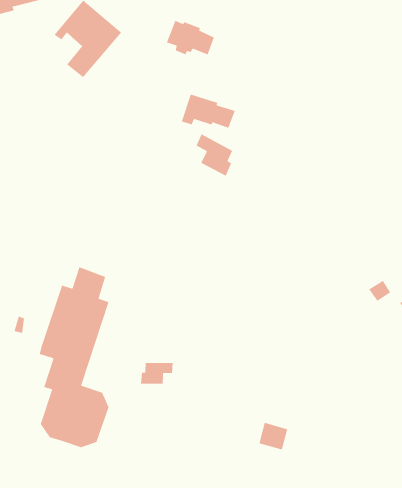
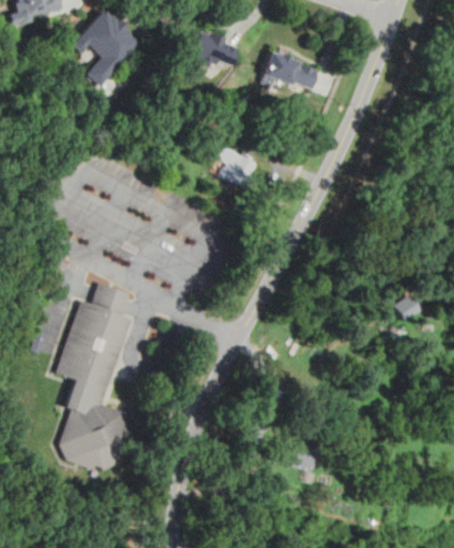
building: [181,93,236,129] -> [261,51,318,88]
building: [140,362,174,385] -> none

